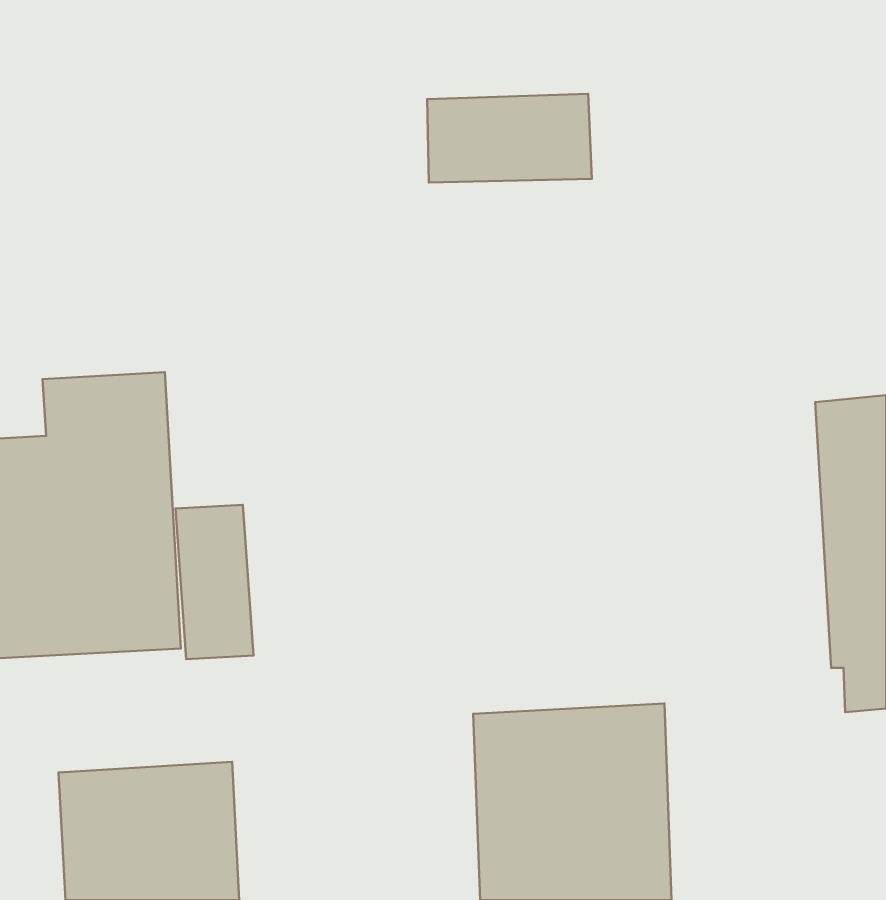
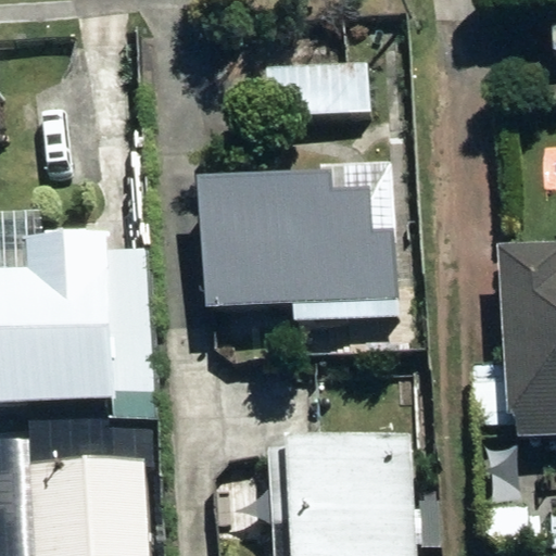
building: none -> [201,173,399,302]

